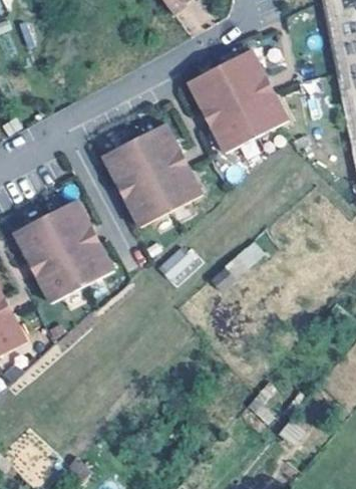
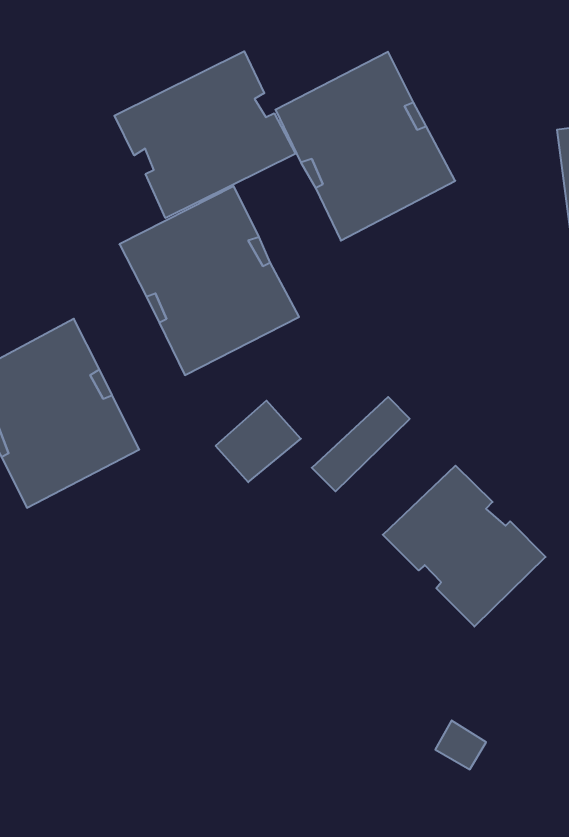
building: none -> [114,51,295,218]
building: none -> [383,466,546,627]

